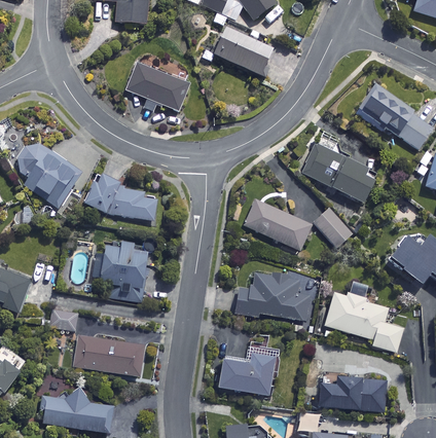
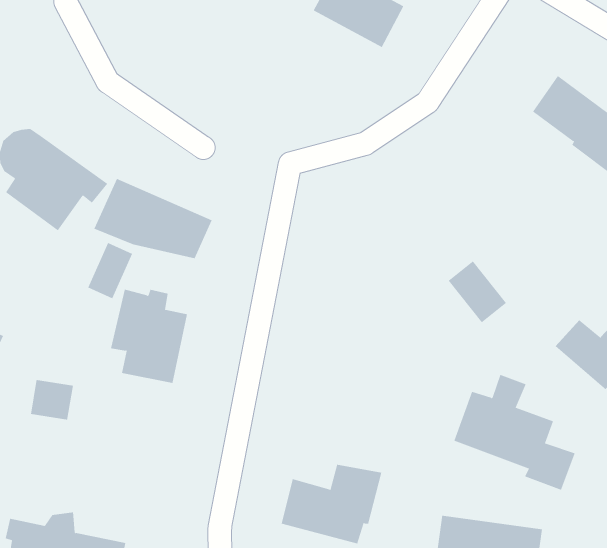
building: [128,63,189,110] -> none
building: [302,143,374,203] -> none
building: [246,200,312,250] -> none
building: none -> [87,242,133,299]
building: [235,270,311,320] -> none
building: [75,335,145,375] -> none

